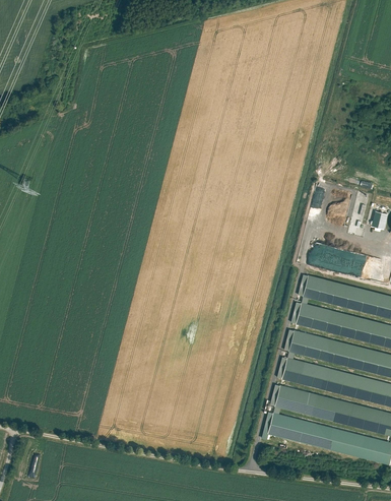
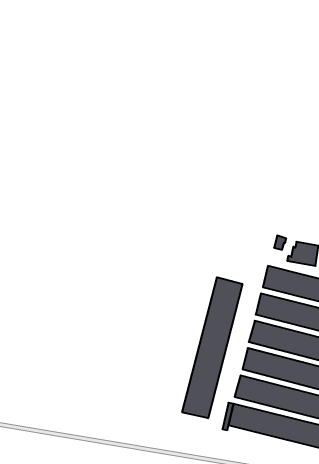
building: none -> [182,277,242,418]

